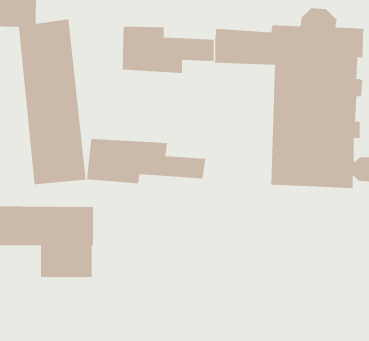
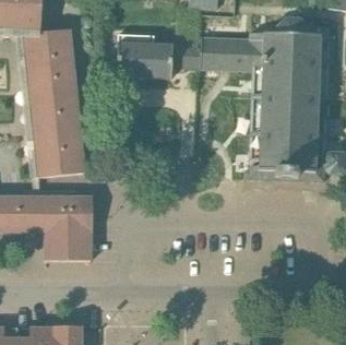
building: [86,138,206,184] -> none

